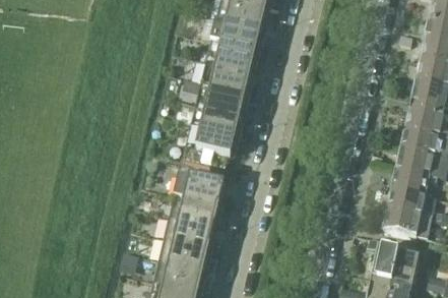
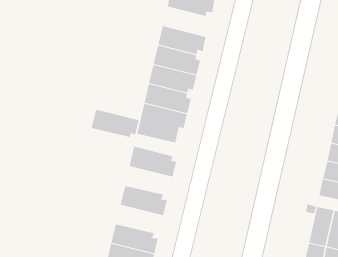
building: [212,16,265,50] -> none
building: [171,193,225,225] -> [91,109,140,137]
building: [161,236,214,267] -> none

